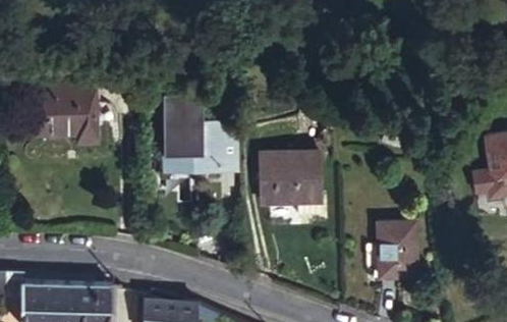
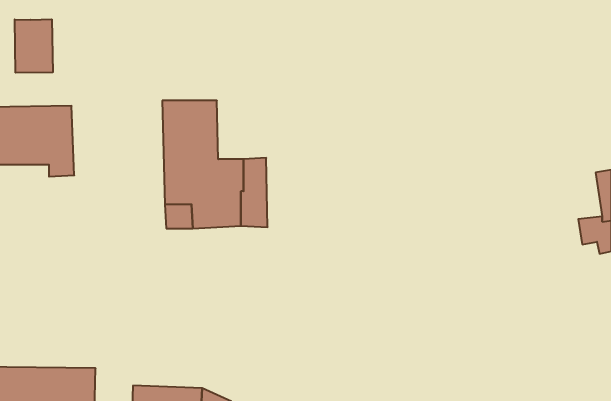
building: none -> [15,19,53,73]
building: [261,150,325,202] -> none
building: [372,219,414,272] -> none

